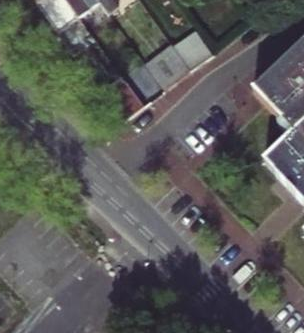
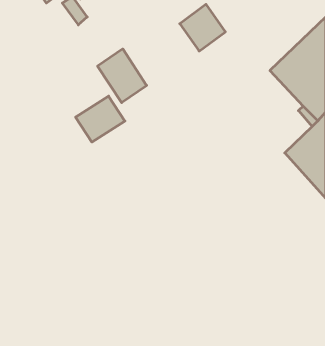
building: [145,44,192,91] -> none
building: none -> [76,96,125,142]

